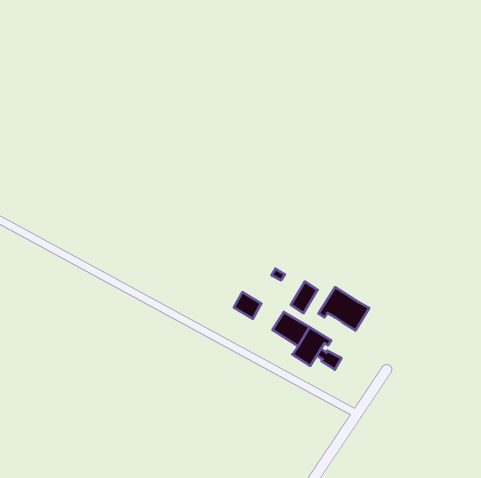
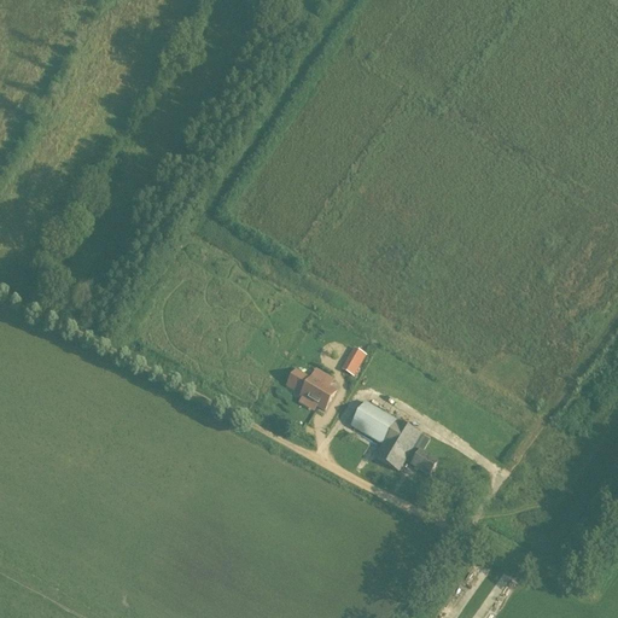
building: [291,282,318,313] -> none
building: [319,287,369,330] -> none

